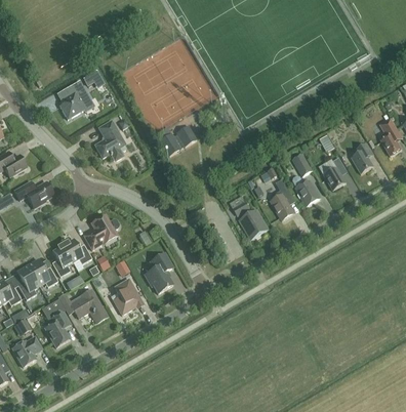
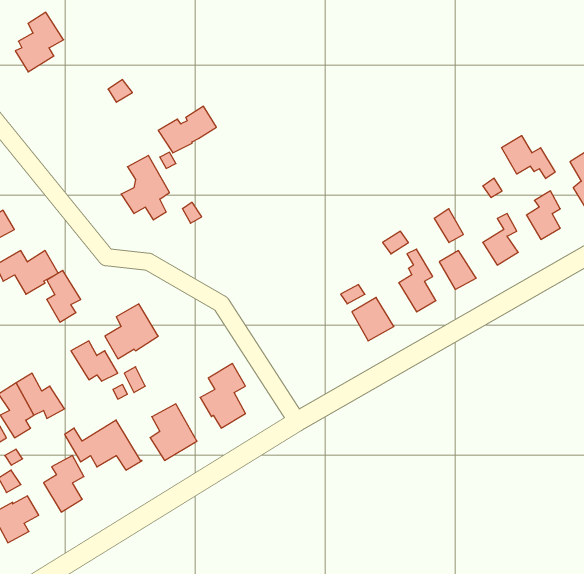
building: [58,81,89,119] -> [15,12,64,72]
building: none -> [502,136,555,179]
building: [159,125,196,155] -> [158,106,216,153]
building: [51,244,73,277] -> [47,270,81,322]

